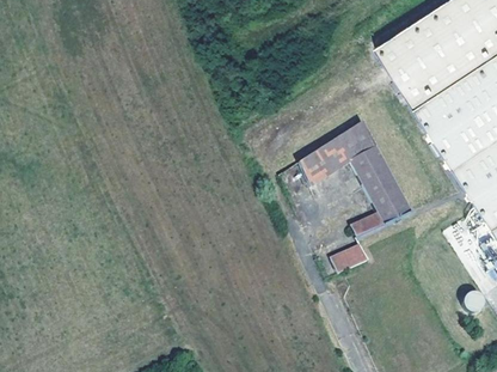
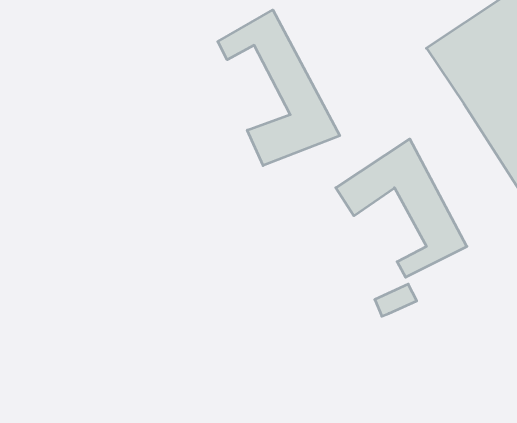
building: none -> [218,10,340,166]

